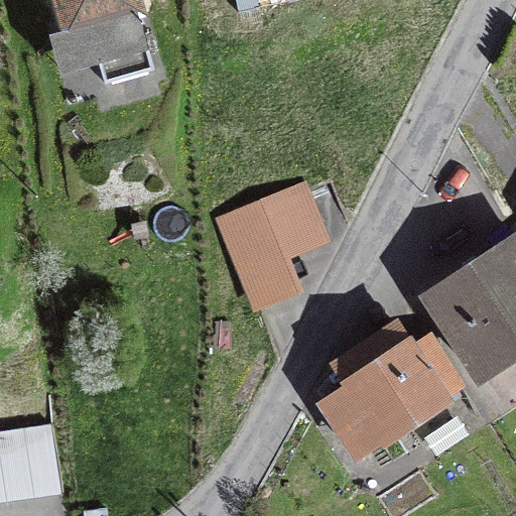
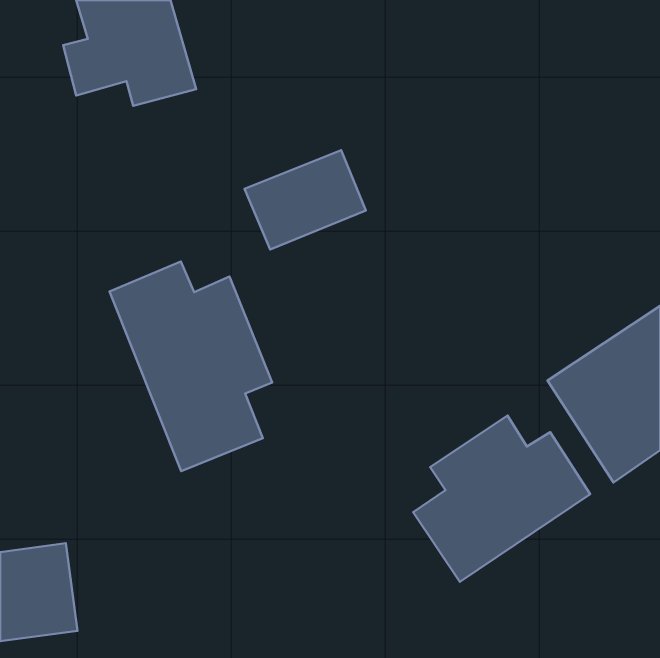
building: [225,191,319,269] -> [244,150,366,249]
building: none -> [109,261,272,471]

